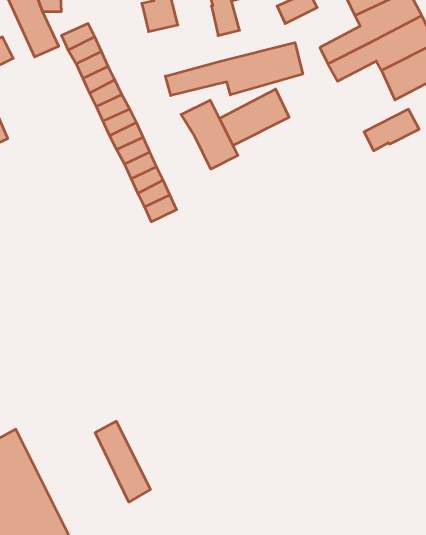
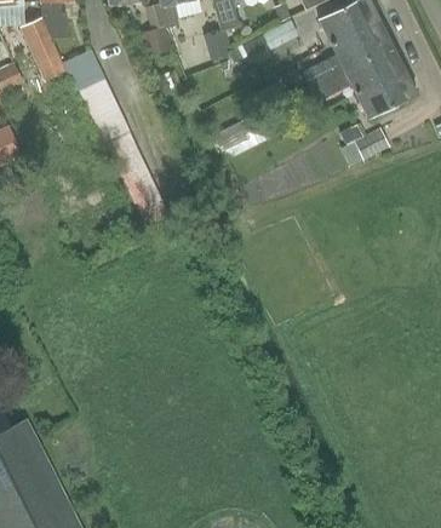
building: [165,43,303,96] -> none
building: [181,100,238,169] -> none
building: [95,421,150,502] -> none

